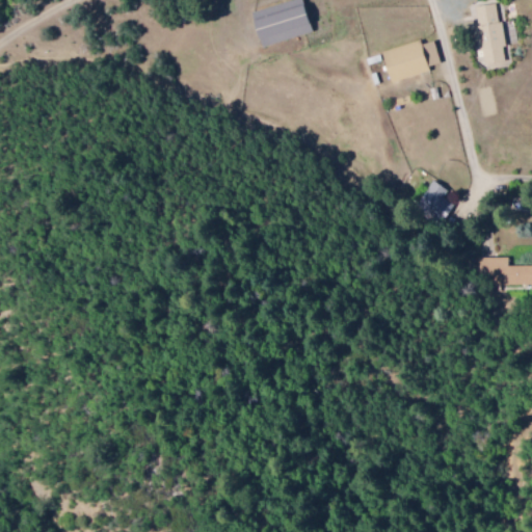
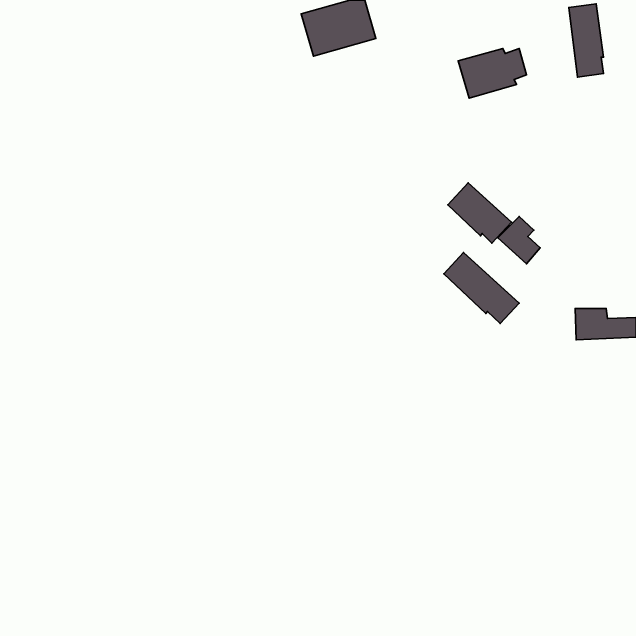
building: none -> [448,183,511,243]
building: none -> [444,252,519,324]

